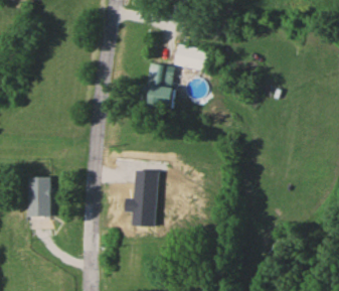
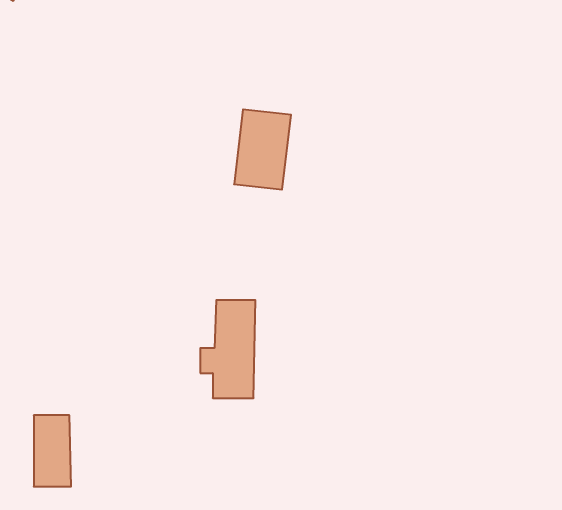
building: [174,45,210,70] -> none
building: [30,177,51,217] -> [34,415,71,487]

